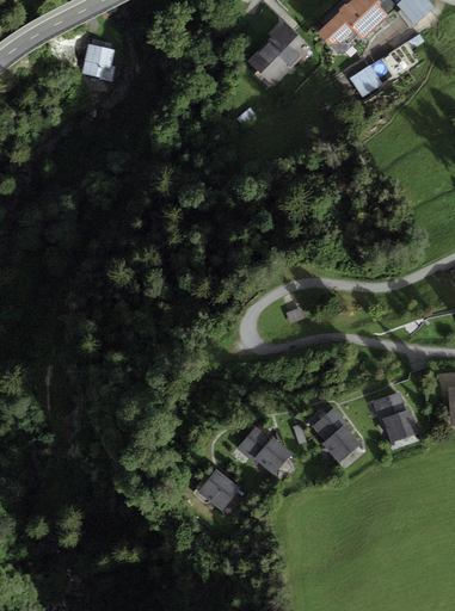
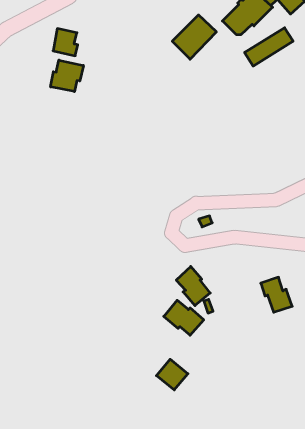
building: none -> [51,60,83,92]
building: [312,406,359,461] -> [176,266,210,306]
building: [197,467,241,510] -> [156,359,188,390]

